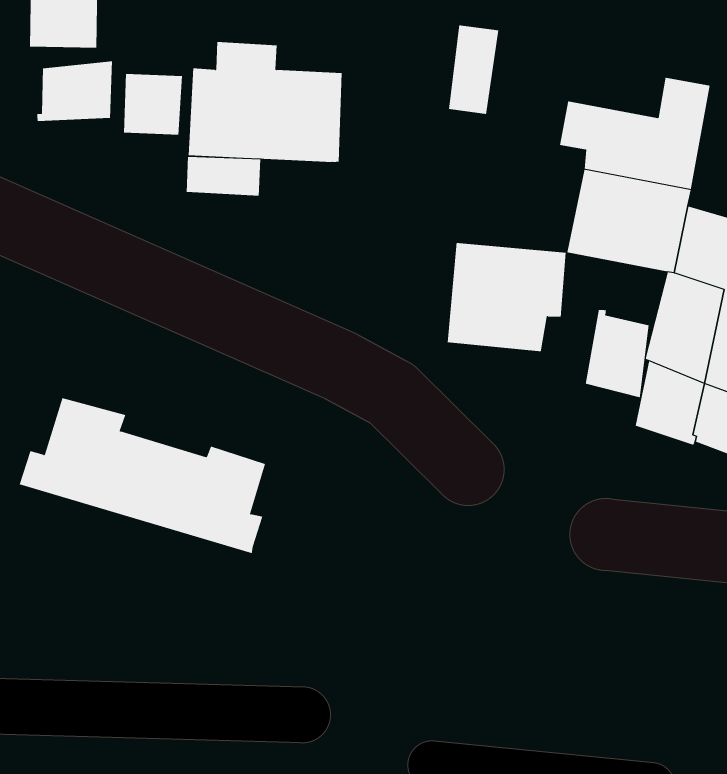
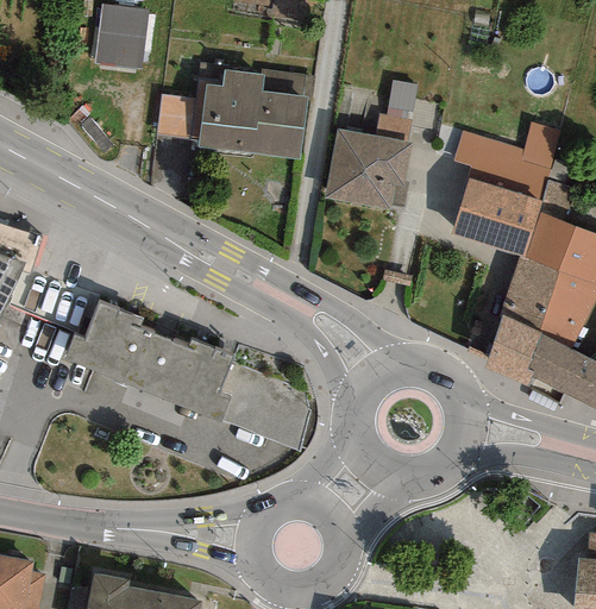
building: [37,61,112,122] -> none
building: [186,156,261,197] -> none
building: [447,243,566,352] -> [325,131,412,211]
building: [585,309,649,398] -> none
building: none -> [221,363,310,447]

